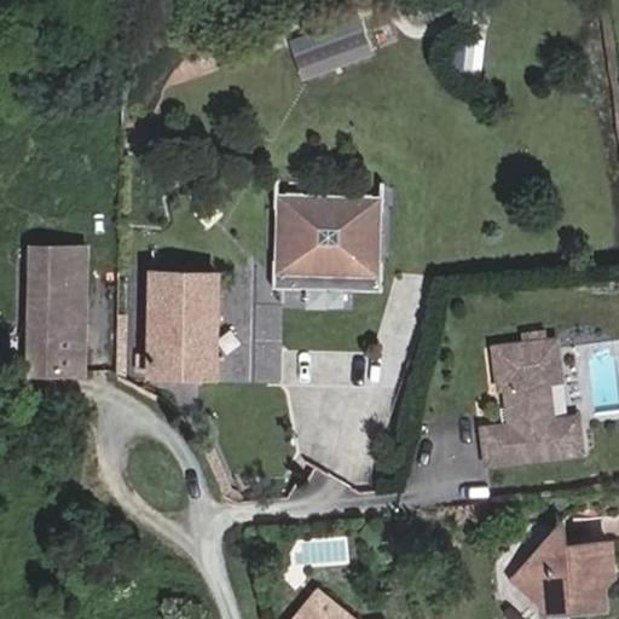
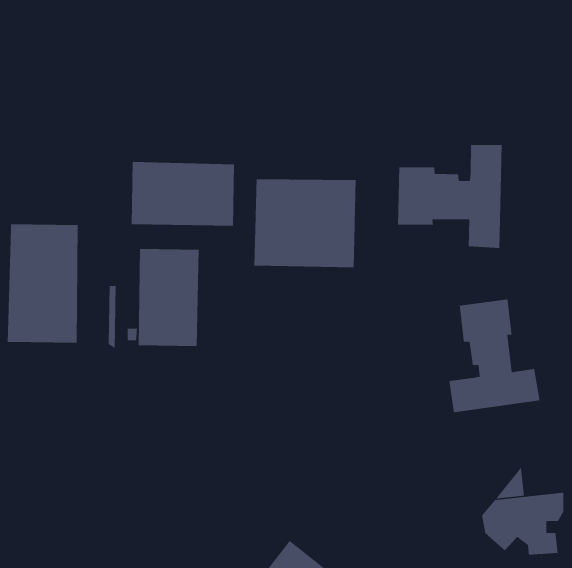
building: [293,17,377,80] -> none
building: none -> [397,144,502,249]
building: none -> [131,161,235,226]

